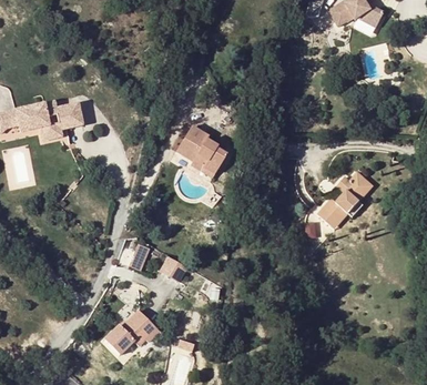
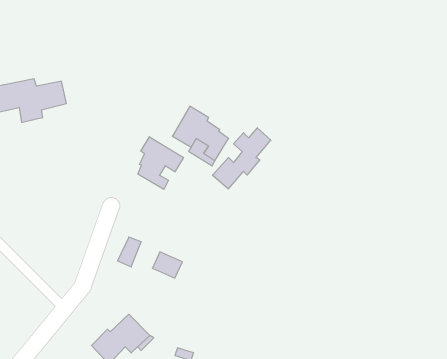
building: none -> [138,137,183,189]
building: [321,172,373,226] -> [212,128,271,189]

